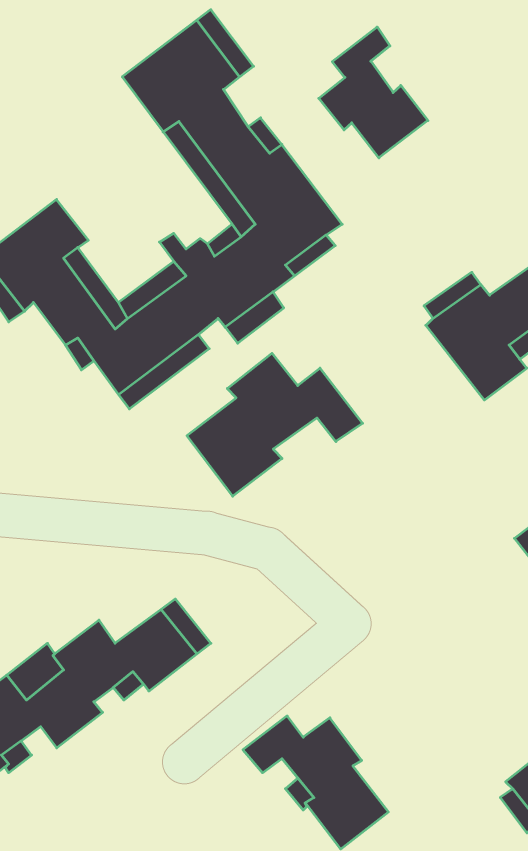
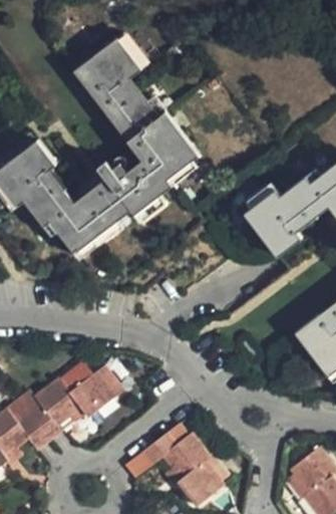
building: [319,27,428,158] -> none
building: [187,353,363,496] -> none

